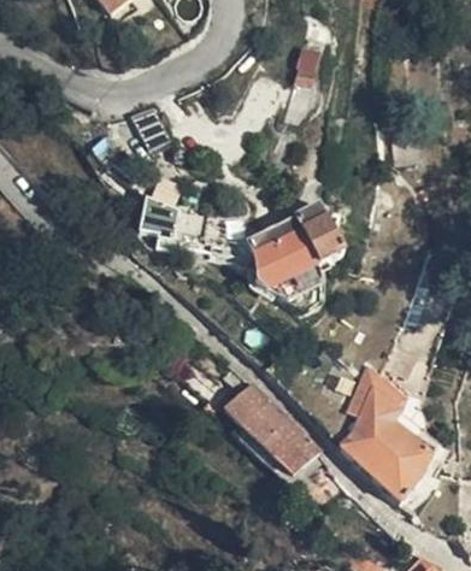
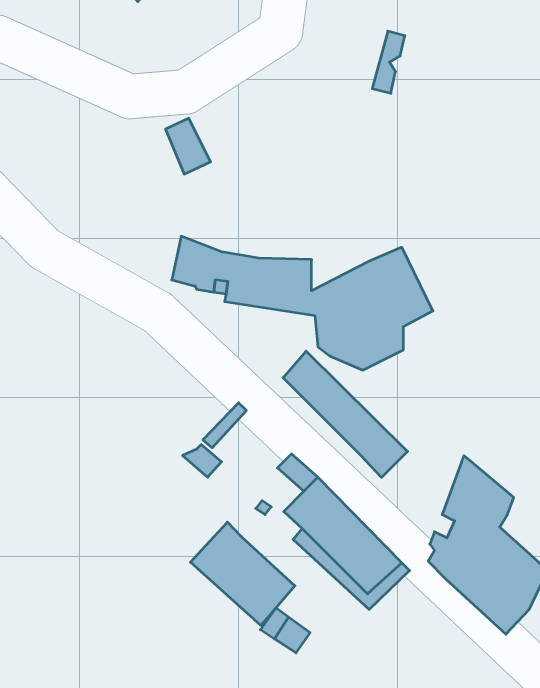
building: none -> [283,351,408,477]
building: none -> [190,522,295,625]

